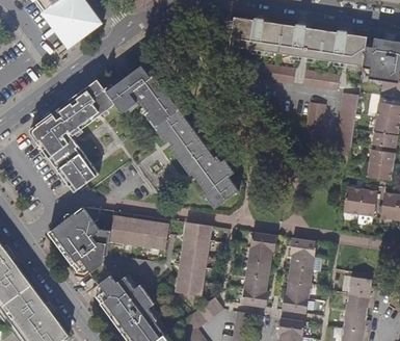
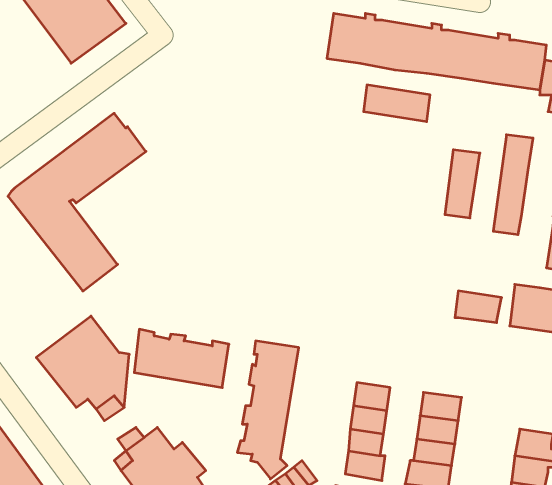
building: [105,65,238,208] -> none
building: [303,70,340,90] -> none
building: [248,231,274,251] -> none
building: [288,237,317,257] -> [455,291,502,323]

